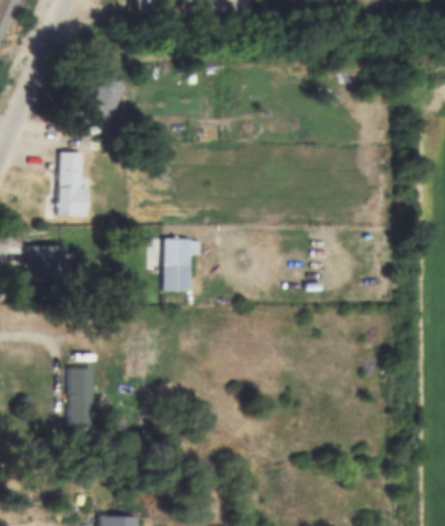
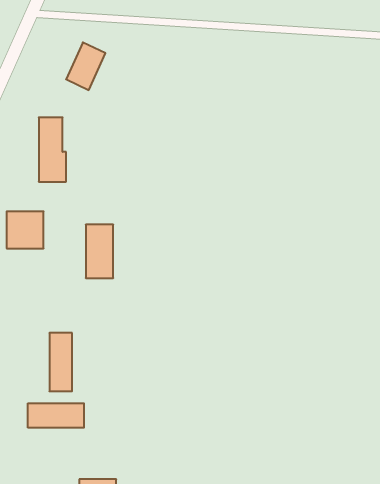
building: [162,237,190,291] -> [86,225,113,278]
building: none -> [28,403,84,428]

